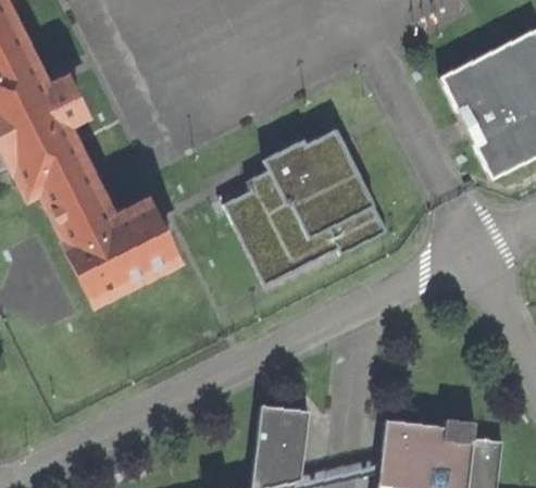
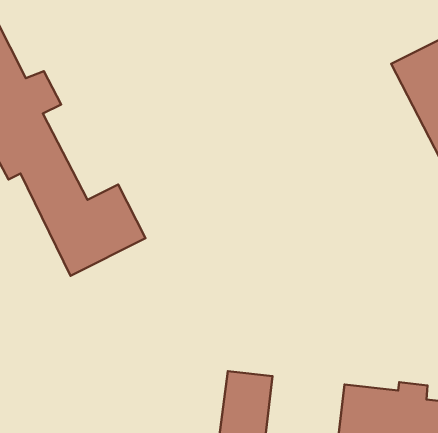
building: [236,125,396,280] -> none

